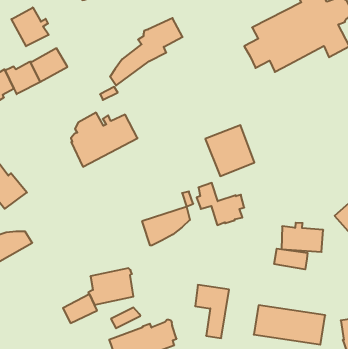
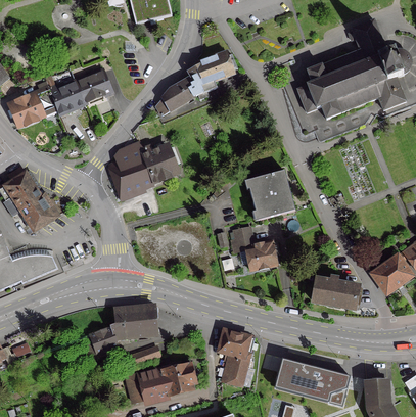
building: [11,7,49,46] -> none
building: [142,207,190,245] -> none
building: [274,249,308,269] -> none

